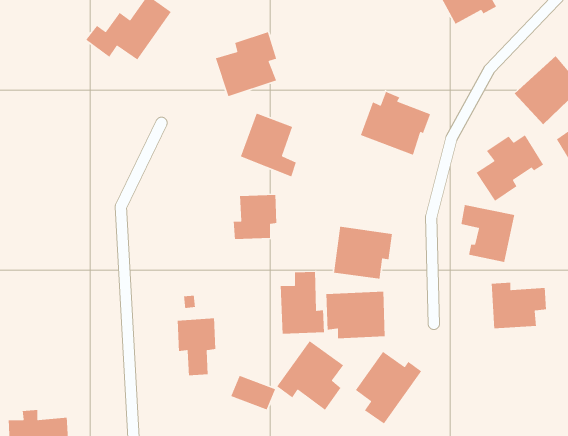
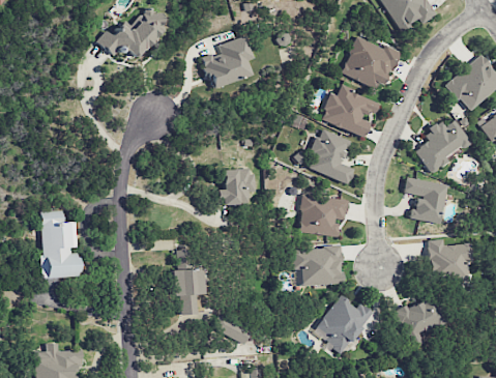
building: none -> [342,36,399,91]
building: [240,112,297,177] -> [307,128,353,181]
building: none -> [40,217,81,279]
building: [280,271,325,335] -> none
building: [276,340,344,411] -> none
building: none -> [396,295,447,350]

